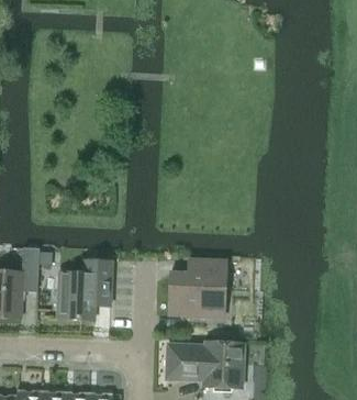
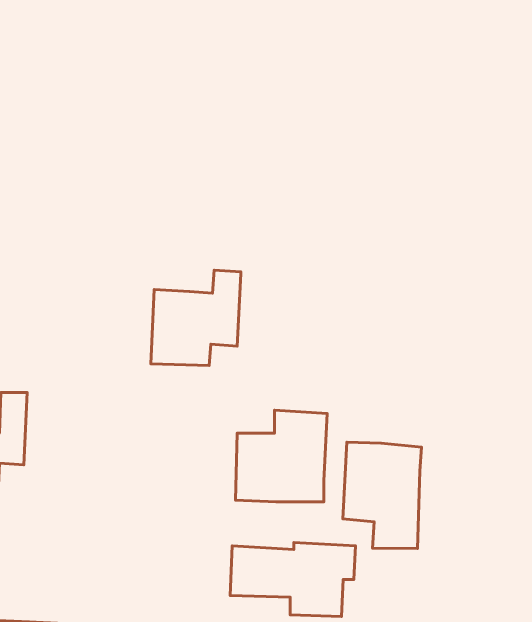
building: [57,260,113,320] -> [151,270,241,366]
building: none -> [343,442,421,548]

